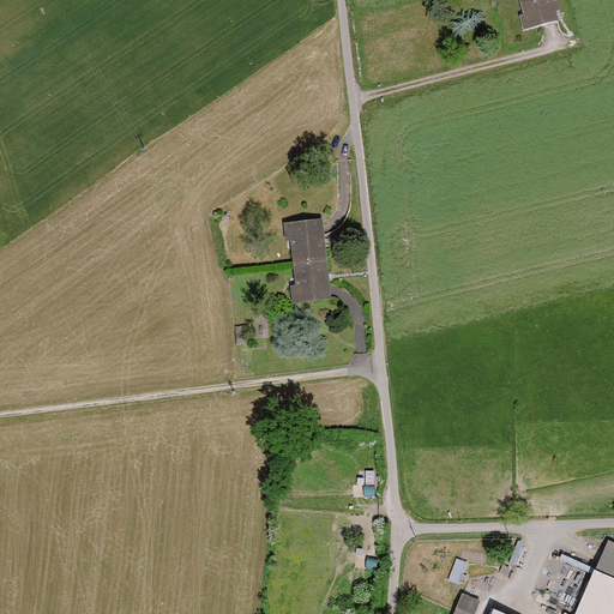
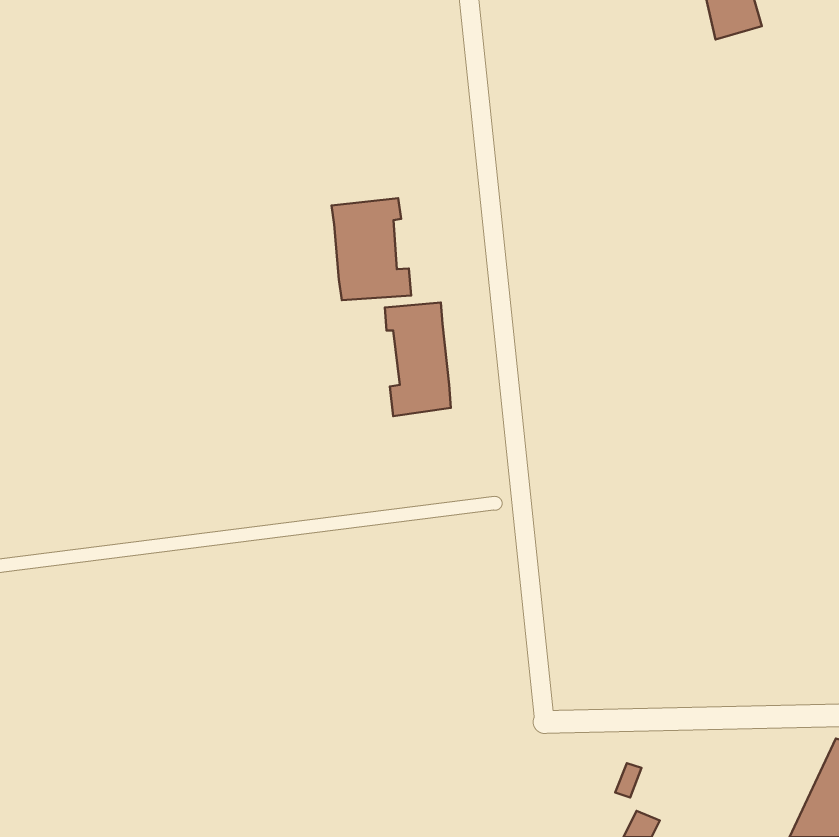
building: none -> [331,198,411,300]

